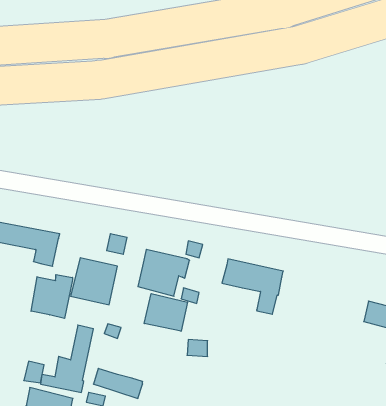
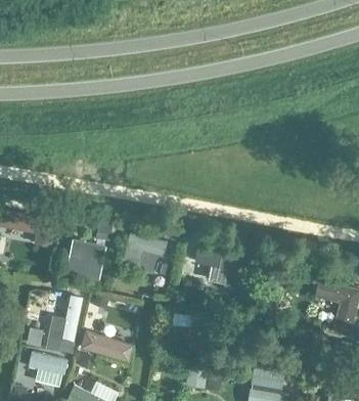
building: [31,275,73,318] -> none
building: [144,294,188,331] -> none

